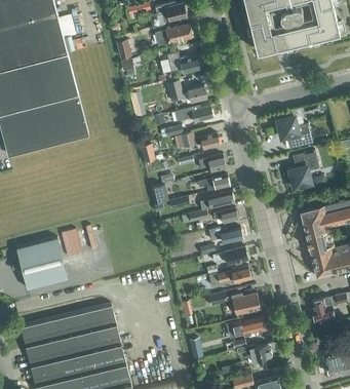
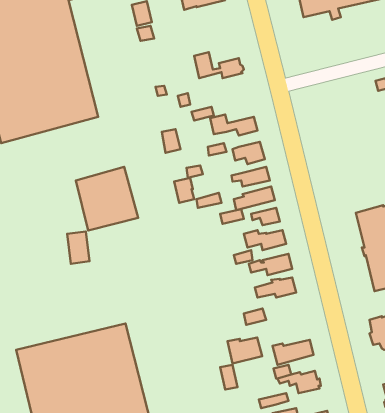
building: [162,57,200,74] -> none
building: [174,106,213,123] -> none
building: [276,117,313,148] -> none
building: [288,151,319,189] -> none
building: [16,237,68,289] -> [76,167,138,230]
building: [232,295,261,316] -> [227,337,262,364]

